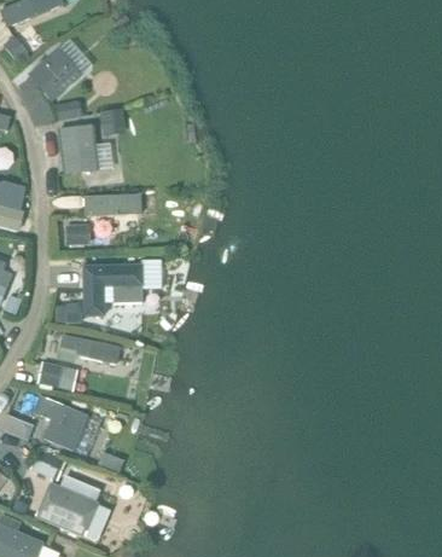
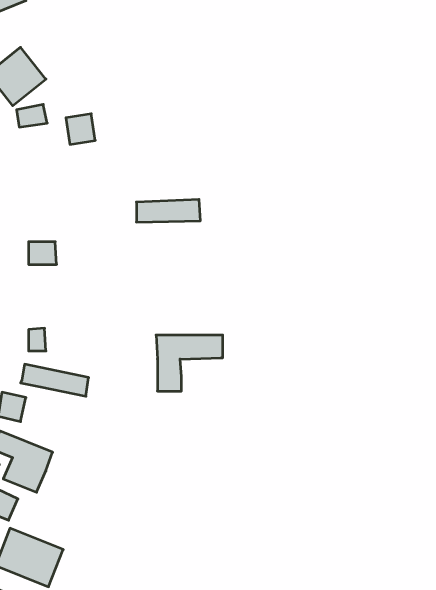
building: [59,123,99,172] -> none
building: [85,193,143,214] -> [136,199,200,222]
building: [83,263,144,314] -> [156,335,223,391]

